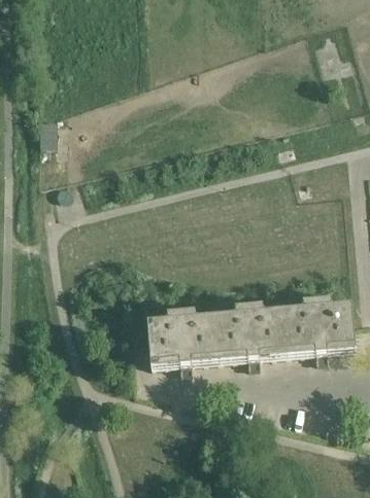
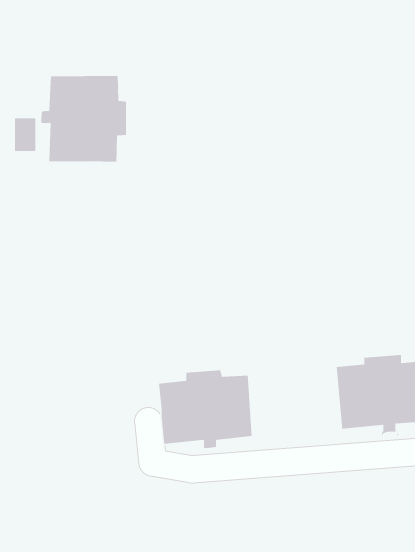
building: none -> [36,75,127,162]
building: [215,306,285,368] -> none

